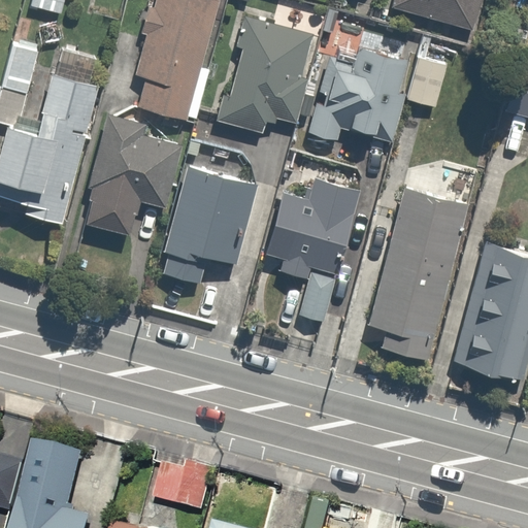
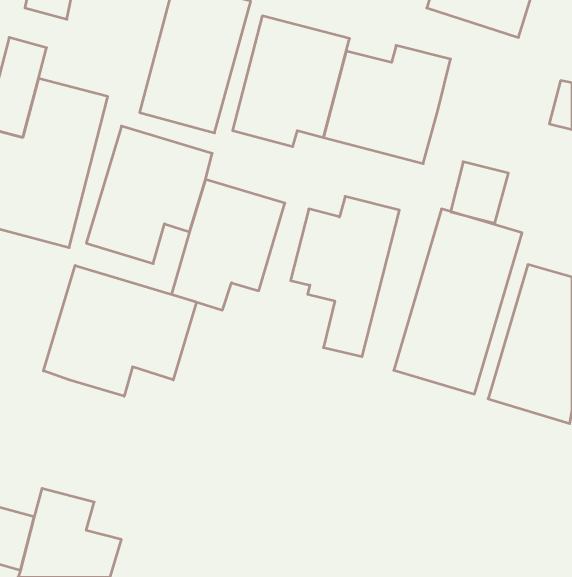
building: [398,54,451,109] -> [451,162,508,223]
building: none -> [43,265,196,396]
building: [152,458,214,517] -> none

